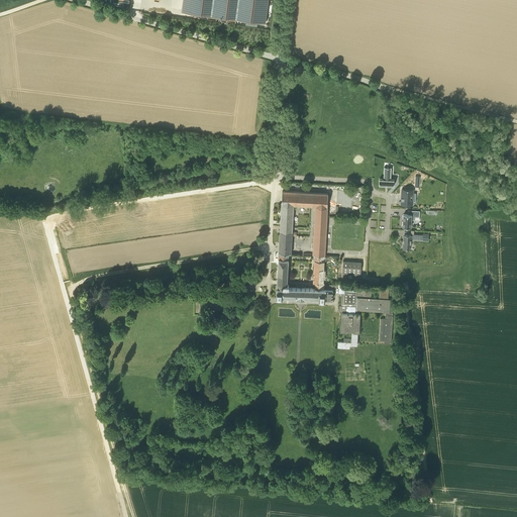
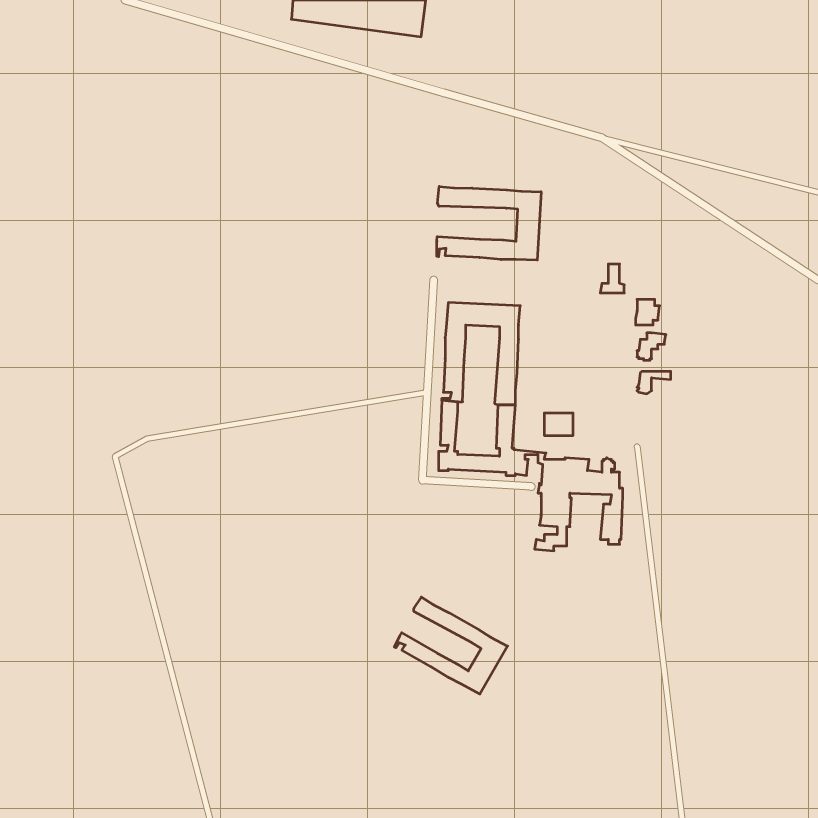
building: none -> [437,186,541,260]
building: none -> [394,597,508,694]

